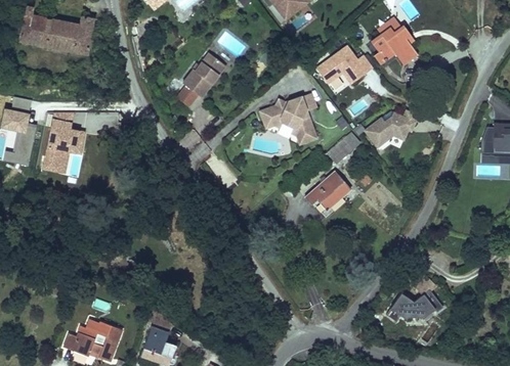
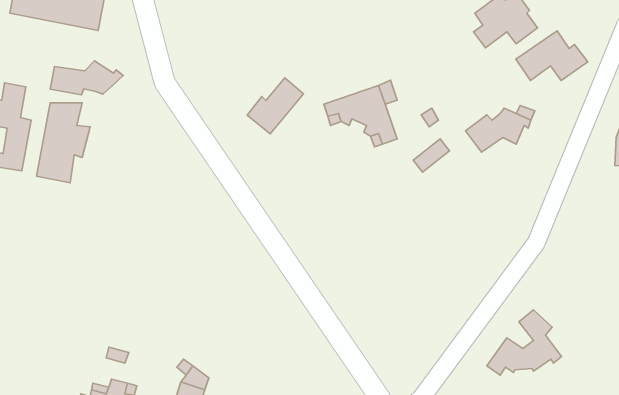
building: [321,47,376,85] -> [516,31,588,80]
building: [182,52,225,95] -> [247,78,303,134]
building: none -> [50,61,123,95]
building: [304,172,351,211] -> none

